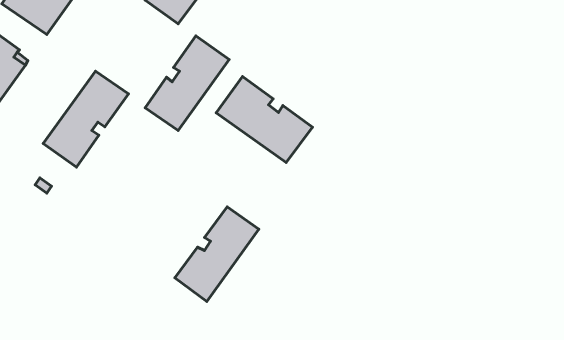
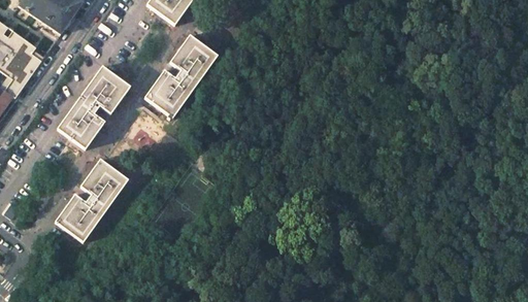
building: [216,76,312,163] -> none
building: [175,207,259,302] -> [54,161,127,243]

